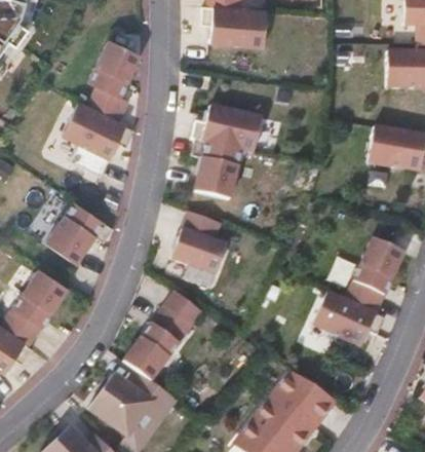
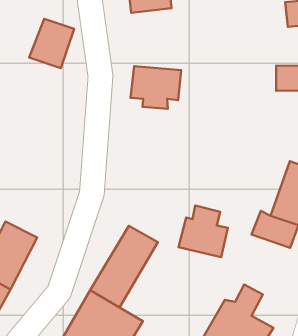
building: [64,100,127,156] -> none
building: [195,153,239,200] -> none
building: [45,199,109,265] -> none
building: [168,214,228,277] -> [179,205,228,257]

